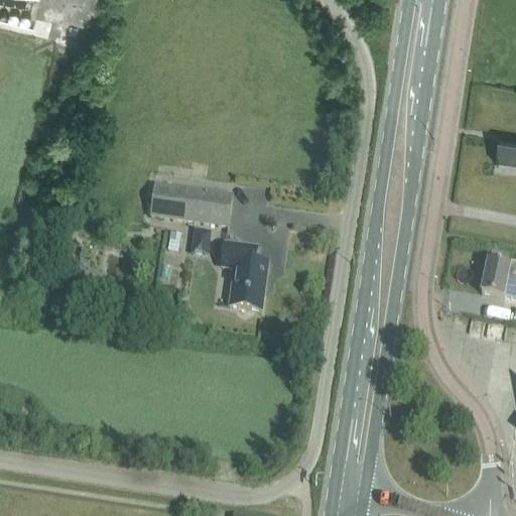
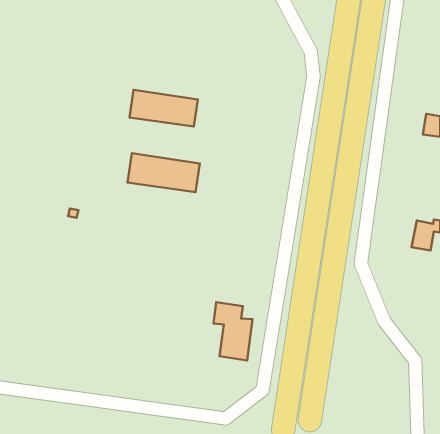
building: none -> [129,90,198,127]
building: [223,239,268,307] -> [214,302,252,361]

